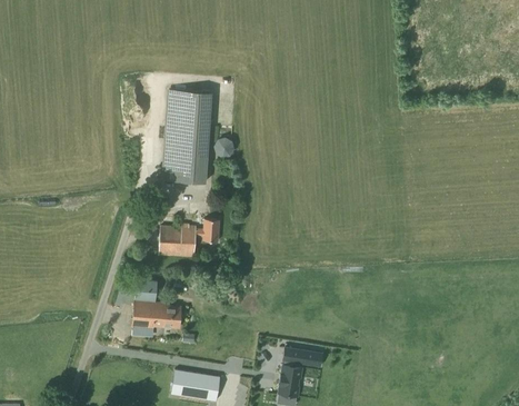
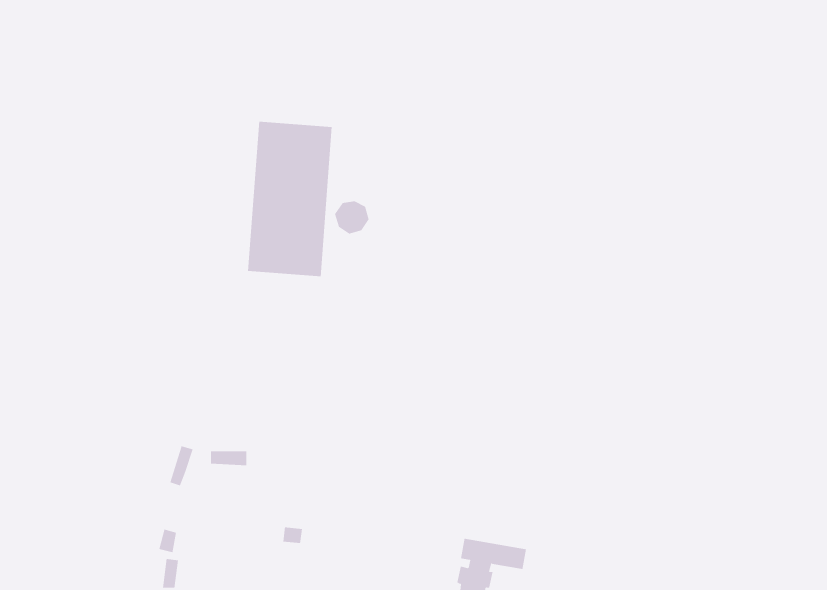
building: [157,219,218,257] -> none
building: [131,301,180,329] -> none

